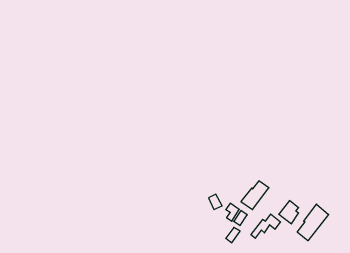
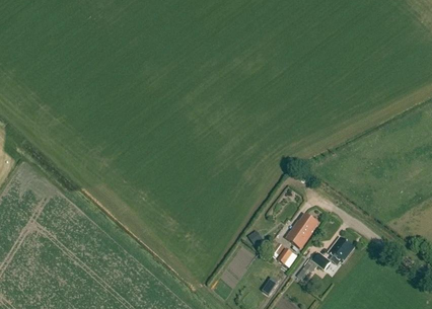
building: [297,204,329,241] -> none

